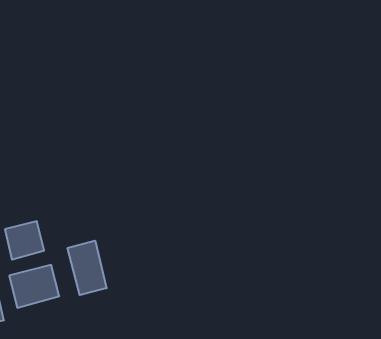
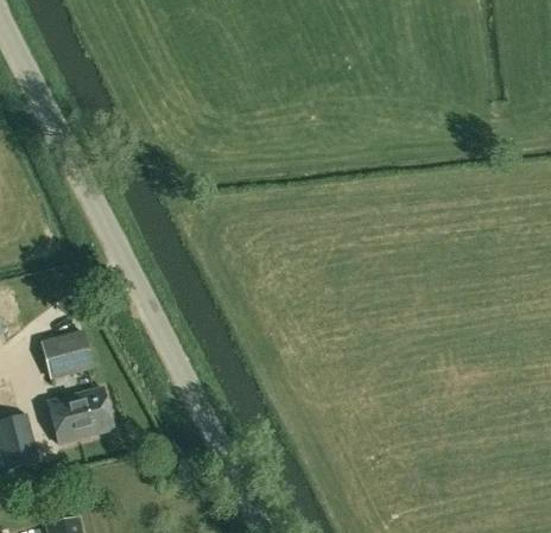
building: [68,241,107,295] -> none

